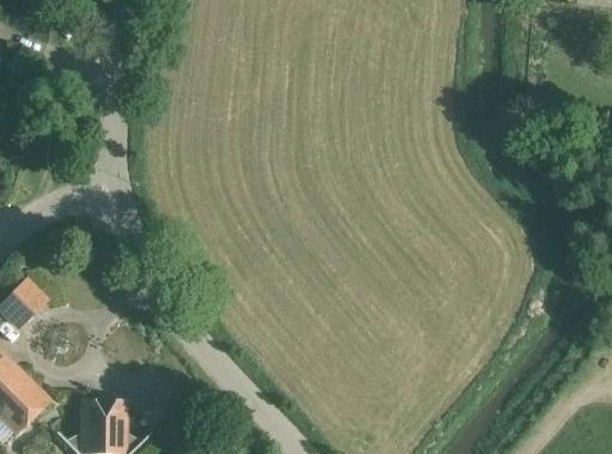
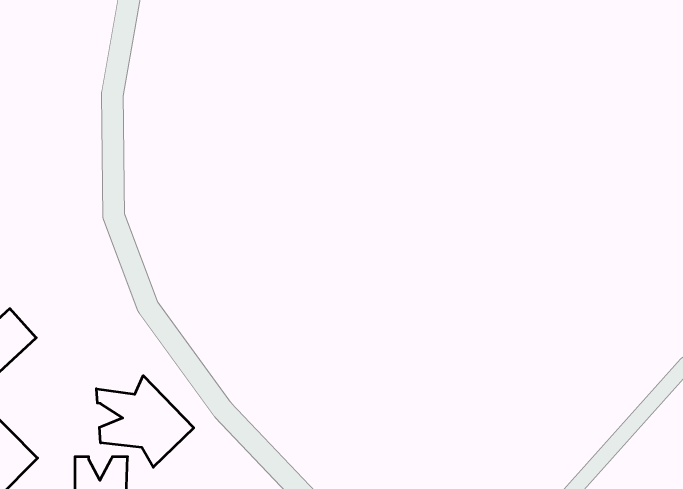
building: none -> [96,376,194,467]

